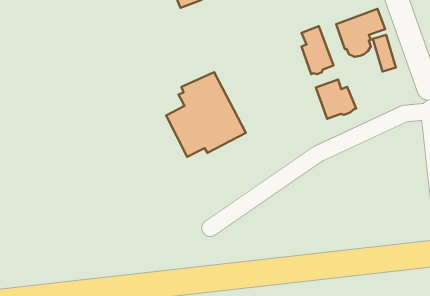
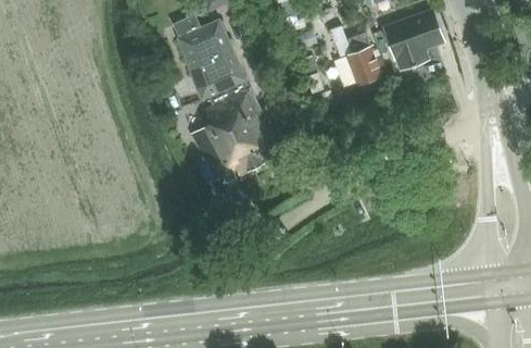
building: none -> [177,20,246,104]
building: [316,80,356,119] -> none

